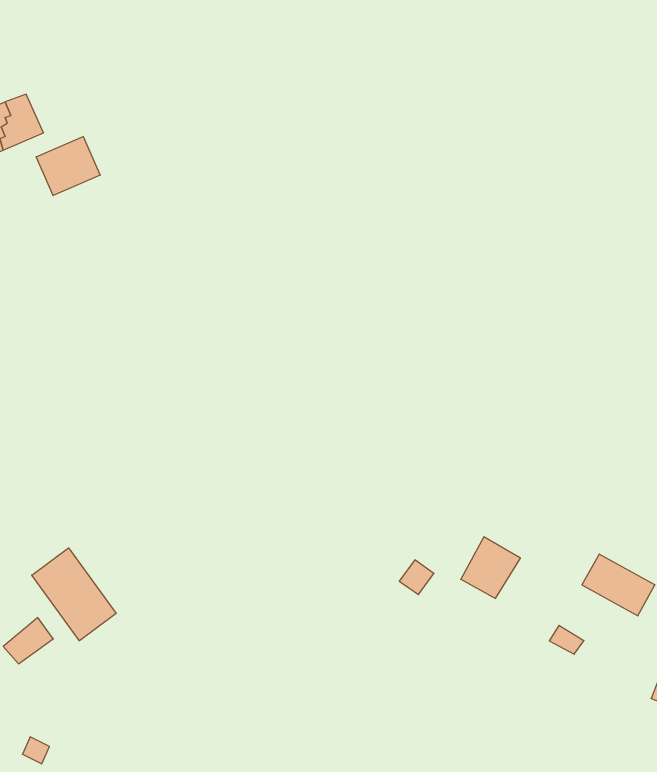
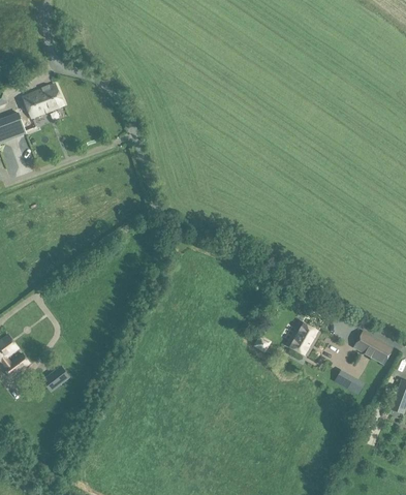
building: [36,137,100,196] -> none
building: [32,548,116,641] -> none

